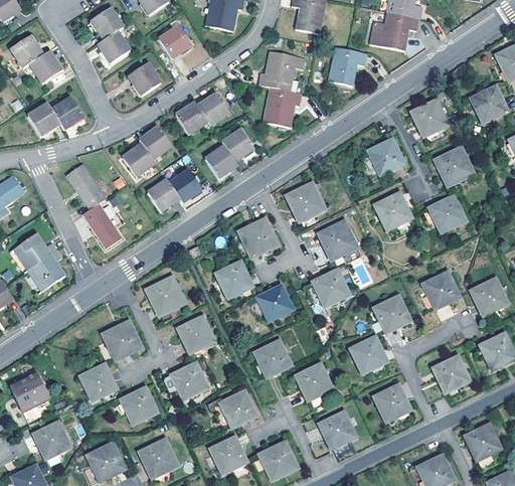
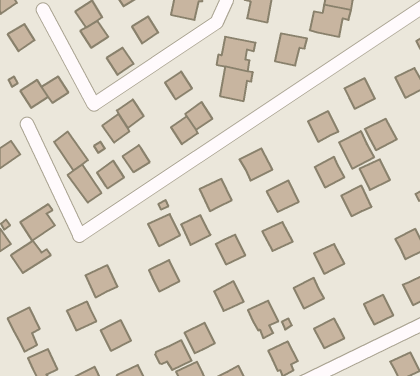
building: [29,51,61,84] -> none
building: [175,102,207,134] -> none
building: none -> [339,131,374,169]
building: [169,169,201,202] -> [97,161,124,188]
building: [11,232,58,271] -> [11,241,51,273]
building: [422,272,459,308] -> [341,186,372,216]
building: [146,278,184,316] -> [148,214,180,246]
building: [164,363,207,398] -> [155,340,192,370]

